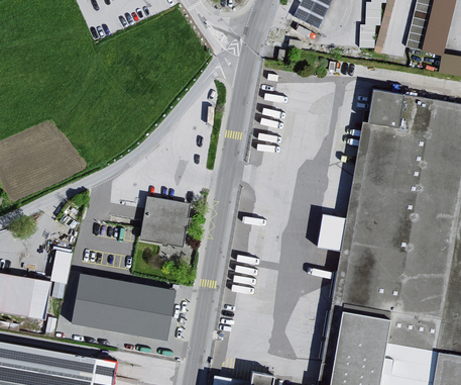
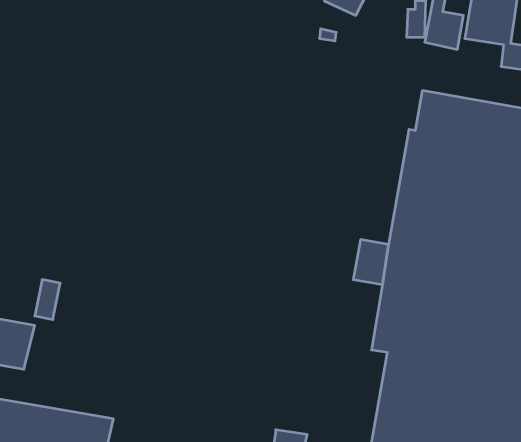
building: [139,198,189,249] -> none
building: [69,268,178,339] -> none

